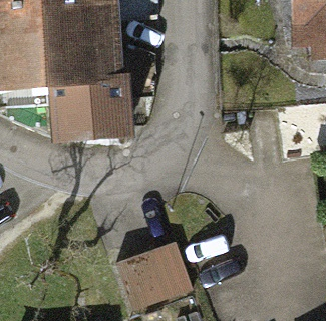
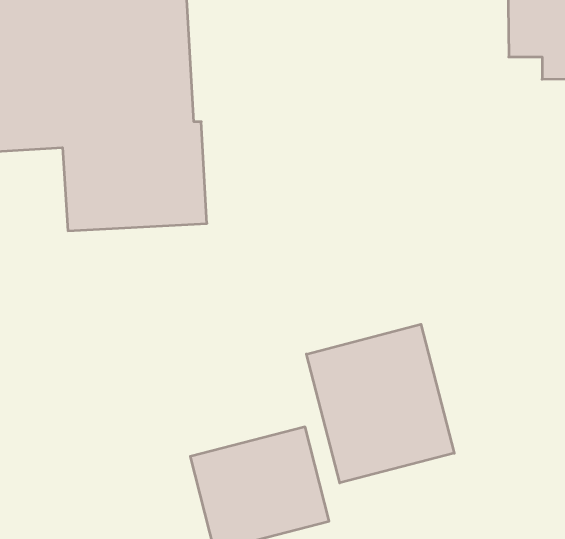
building: none -> [306,324,454,483]

